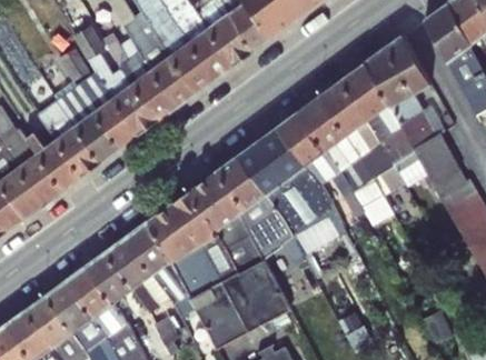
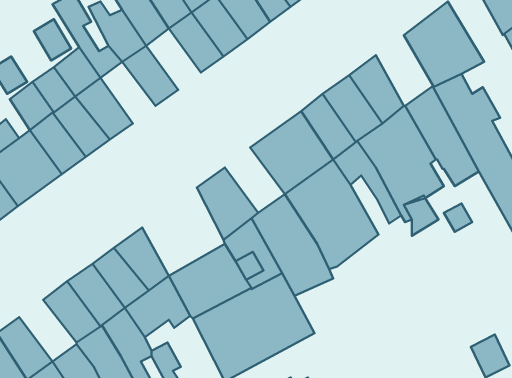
building: [150,56,196,107] -> none
building: [341,61,389,120] -> none
building: [112,83,158,134] -> none
building: [216,154,266,209] -> none
building: [147,188,216,261] -> none
building: [44,281,92,332] -> none

